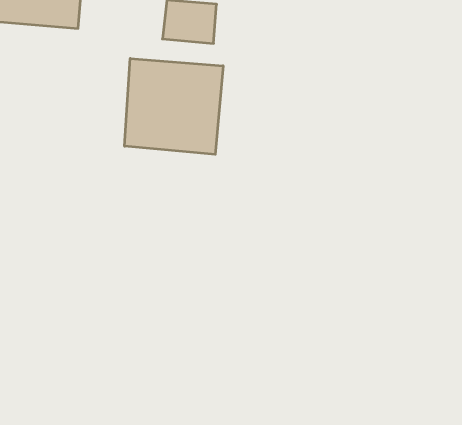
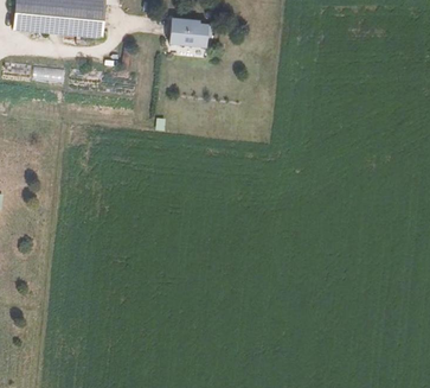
building: [125,58,223,154] -> none

